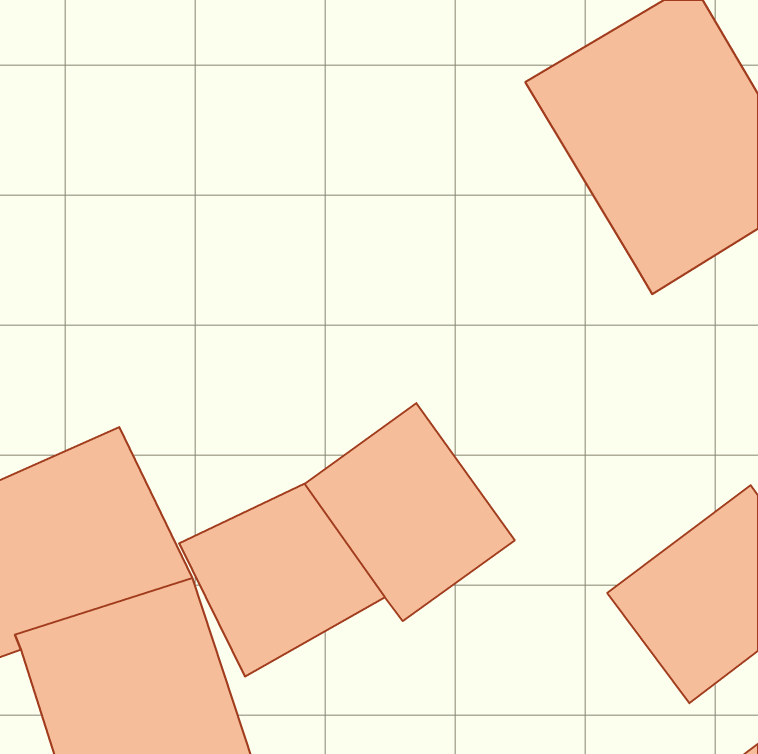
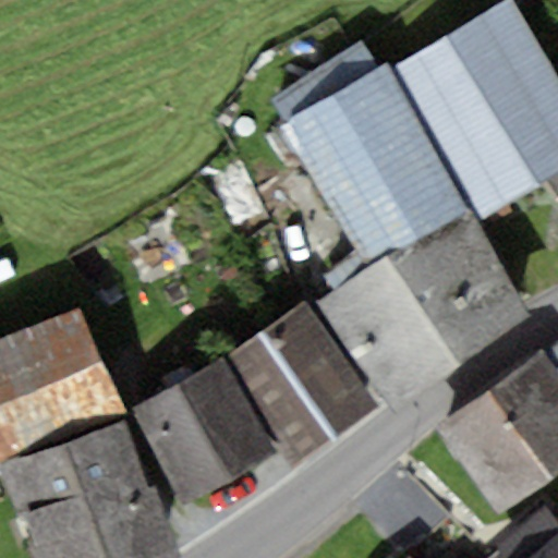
building: none -> [279,60,464,251]
building: none -> [322,208,531,404]

